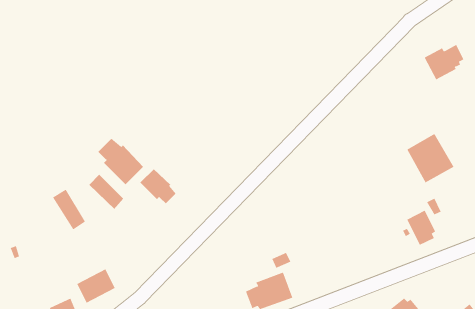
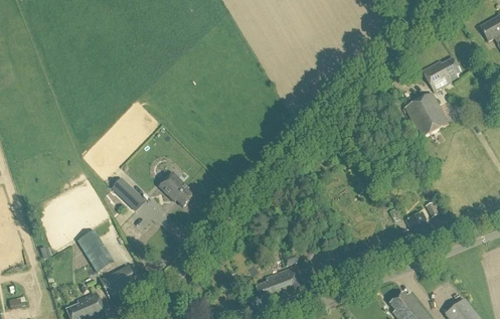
building: [407,133,455,183] -> [403,91,448,137]
building: [98,138,144,185] -> none
building: [52,189,86,230] -> [77,231,109,270]

